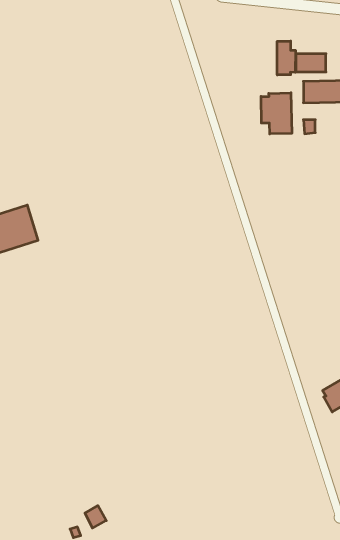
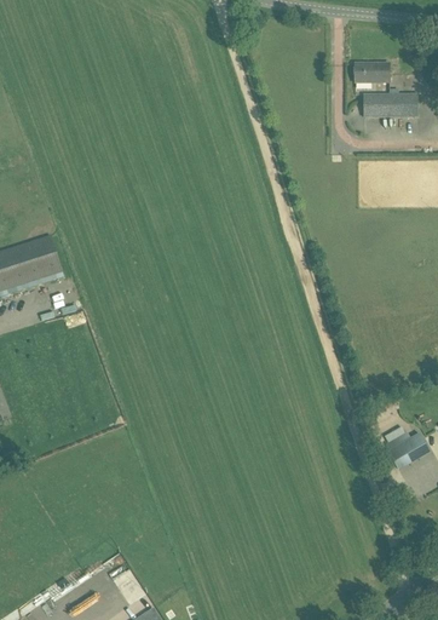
building: [277,41,295,75] -> none
building: [261,93,292,134] -> none

